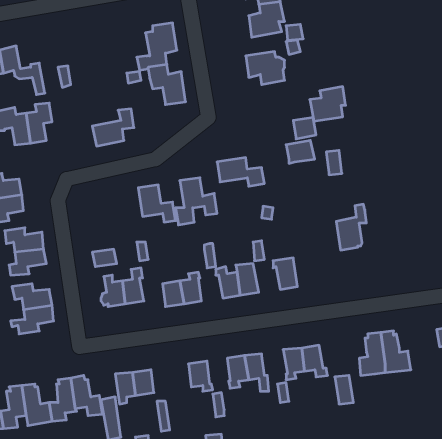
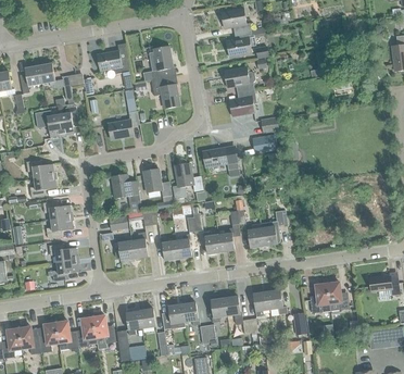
building: none -> [98,49,130,73]
building: [310,87,346,121] -> [229,88,256,114]
building: none -> [111,172,139,201]
building: [336,204,366,250] -> [261,210,283,245]
building: none -> [161,303,185,329]

